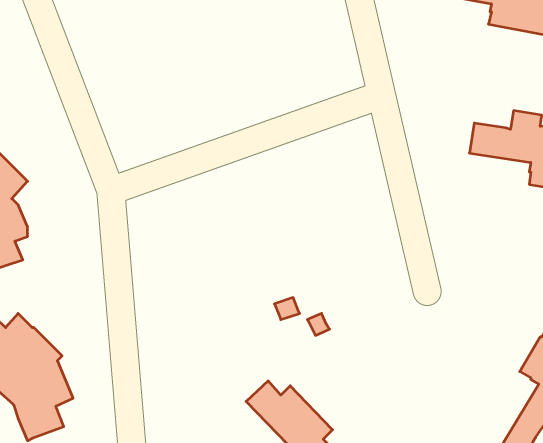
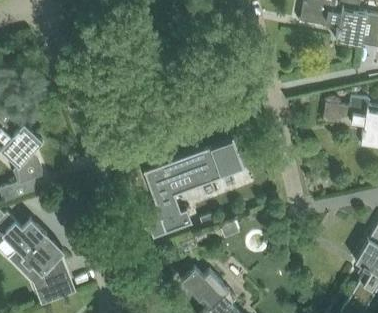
building: none -> [141,140,244,239]

